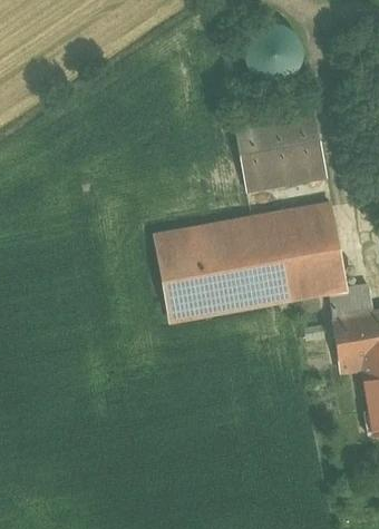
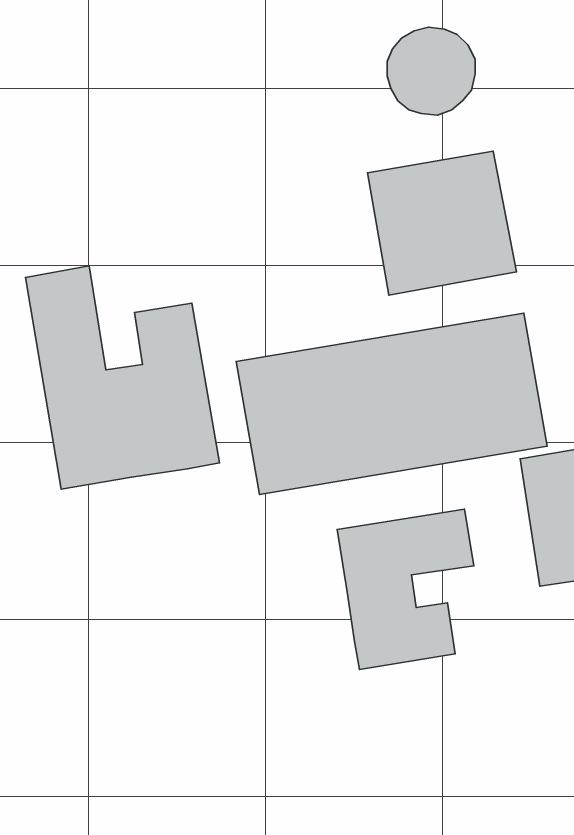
building: none -> [26,266,219,489]
building: none -> [337,509,474,670]

